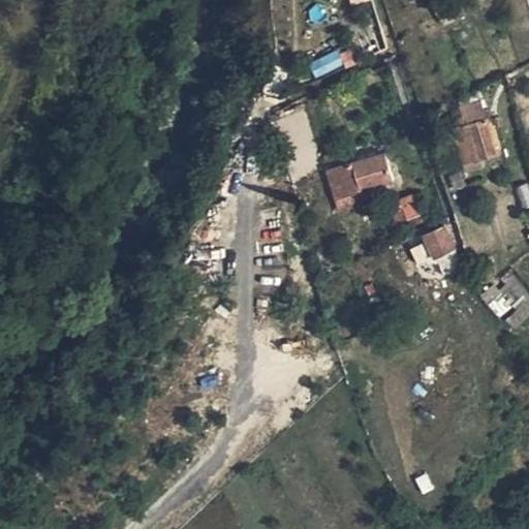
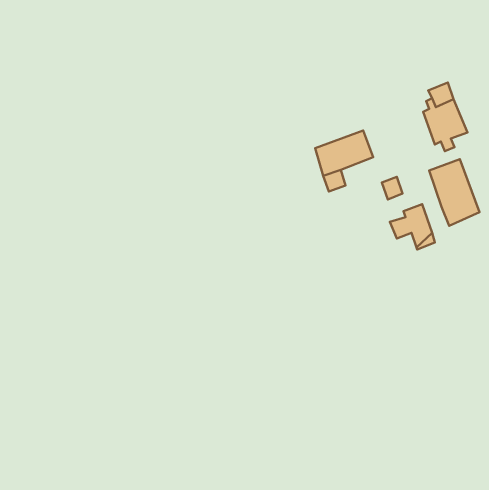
building: none -> [429,159,479,226]

